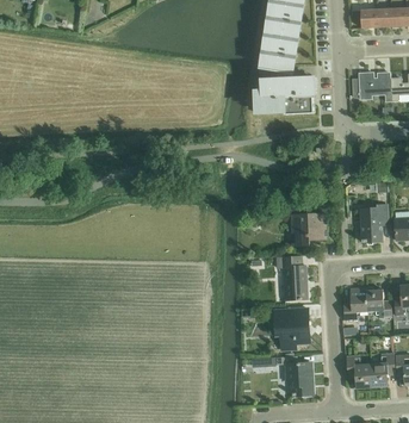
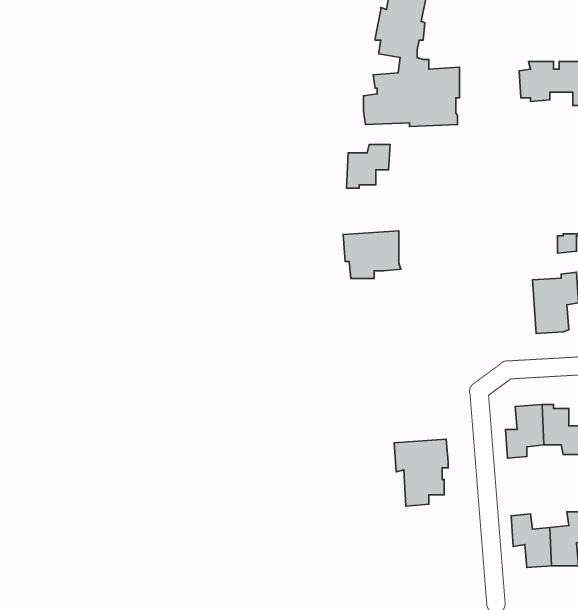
building: none -> [346,144,390,188]
building: [291,214,327,244] -> [343,231,401,279]
building: [277,257,306,300] -> none
building: [277,356,312,396] -> none

